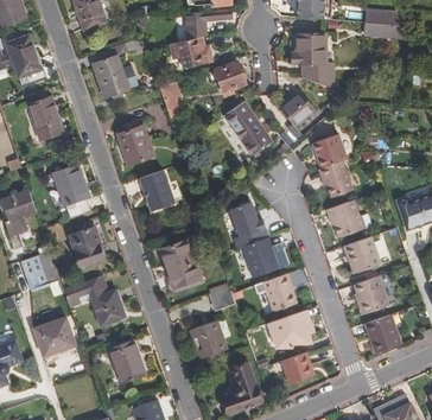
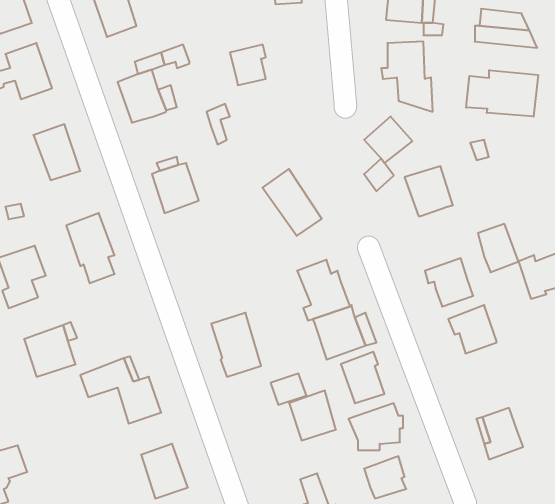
building: [184,9,231,40] -> none
building: none -> [466,70,538,117]
building: [215,62,246,93] -> none
building: [224,103,269,154] -> [262,169,322,236]
building: [322,160,352,197] -> [478,224,518,272]
building: [138,168,172,210] -> none
building: [69,228,103,267] -> none
building: [354,275,388,312] -> none
building: [33,318,75,357] -> none
building: [190,320,225,358] -> [289,391,336,440]

